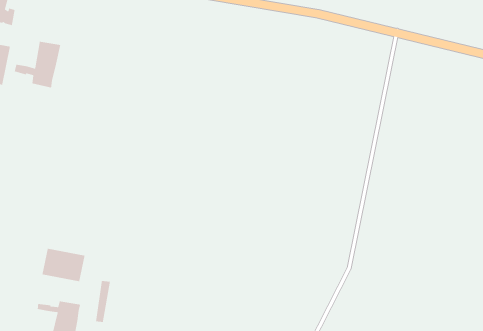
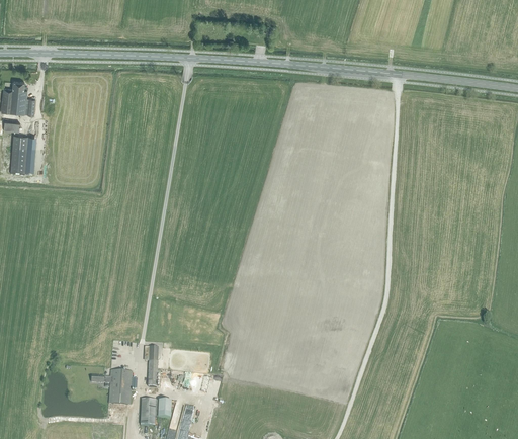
building: [14,41,61,88] -> none
building: [41,248,86,282] -> none

